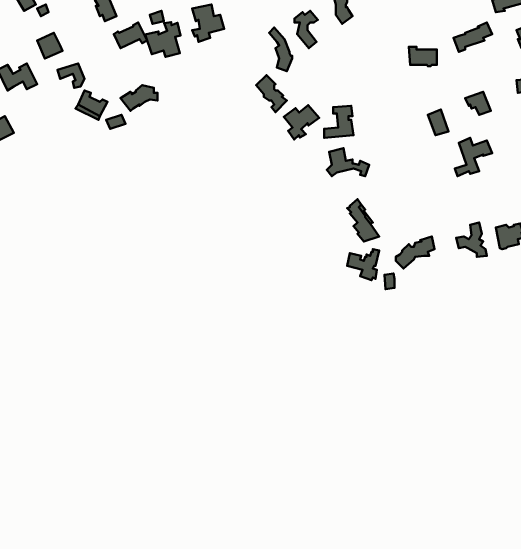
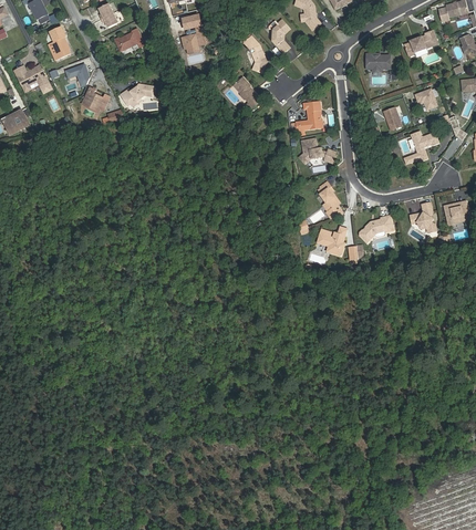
building: [145,22,180,57] -> none
building: [284,105,319,139] -> none

